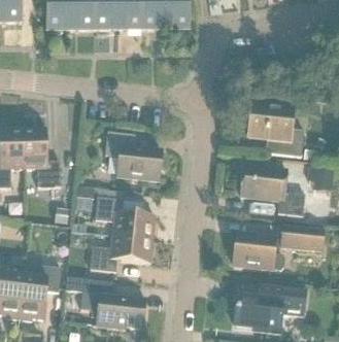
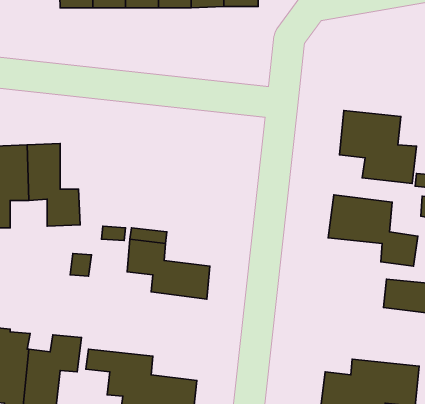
building: [104,133,161,181] -> none
building: [232,234,282,271] -> none
building: [89,236,151,273] -> none

